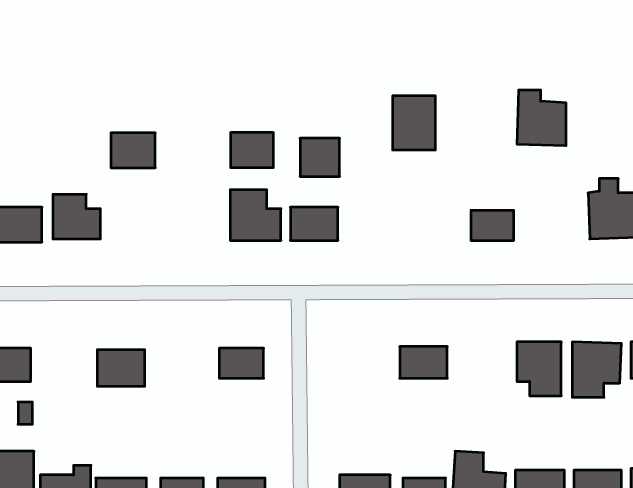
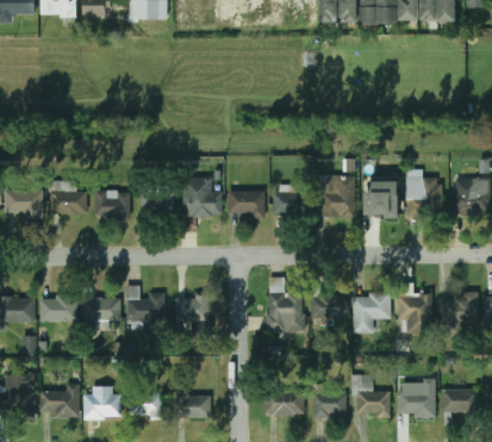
building: [517,90,566,146] -> [405,169,442,211]
building: [393,96,435,150] -> [322,175,354,216]
building: [231,133,273,168] -> [142,189,174,216]
building: [111,133,155,168] -> [95,191,129,217]
building: [300,138,340,176] -> [273,185,303,213]
building: none -> [266,278,304,331]
building: none -> [125,286,163,322]
building: none -> [354,292,390,323]
building: none -> [39,295,76,319]

